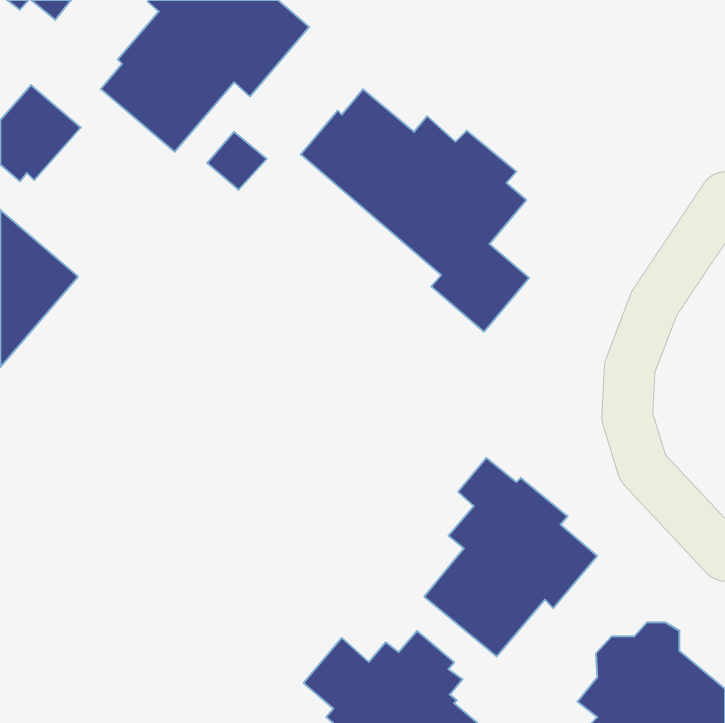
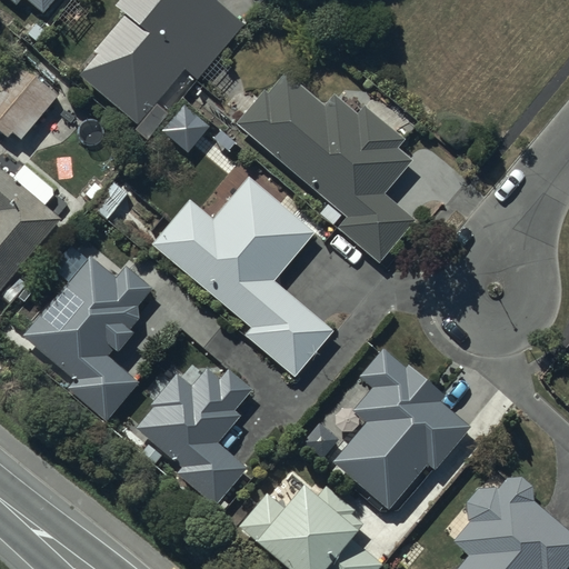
building: none -> [151,174,333,376]
building: none -> [24,257,151,417]
building: none -> [136,367,251,503]

